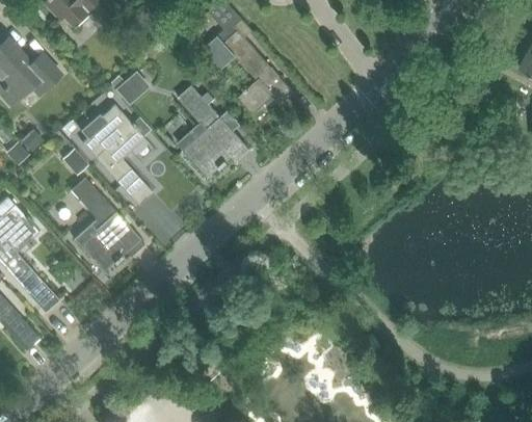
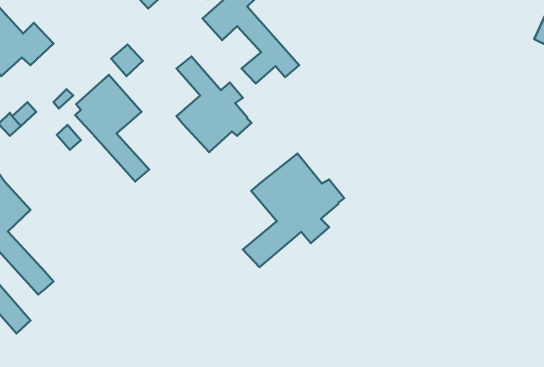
building: [70,178,143,272] -> none
building: none -> [243,154,344,267]

